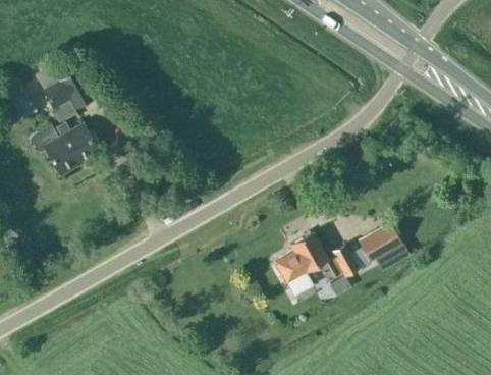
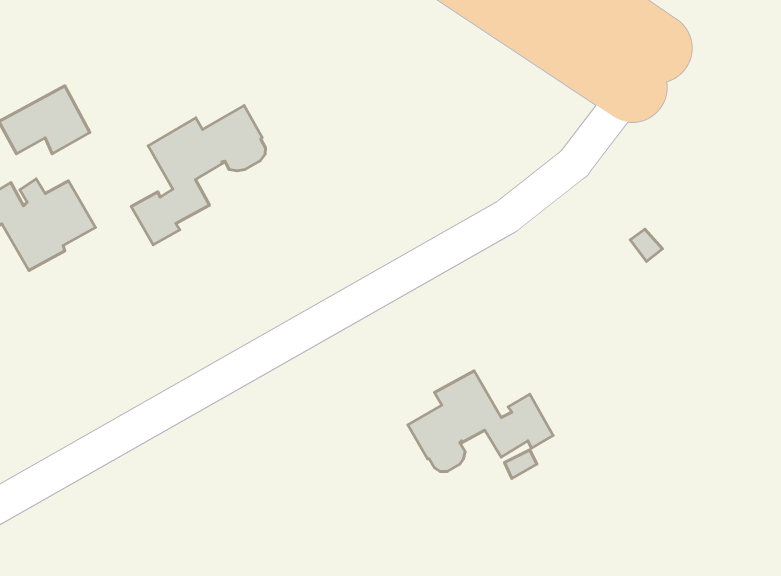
building: none -> [131,106,265,245]
building: [359,225,400,263] -> none

